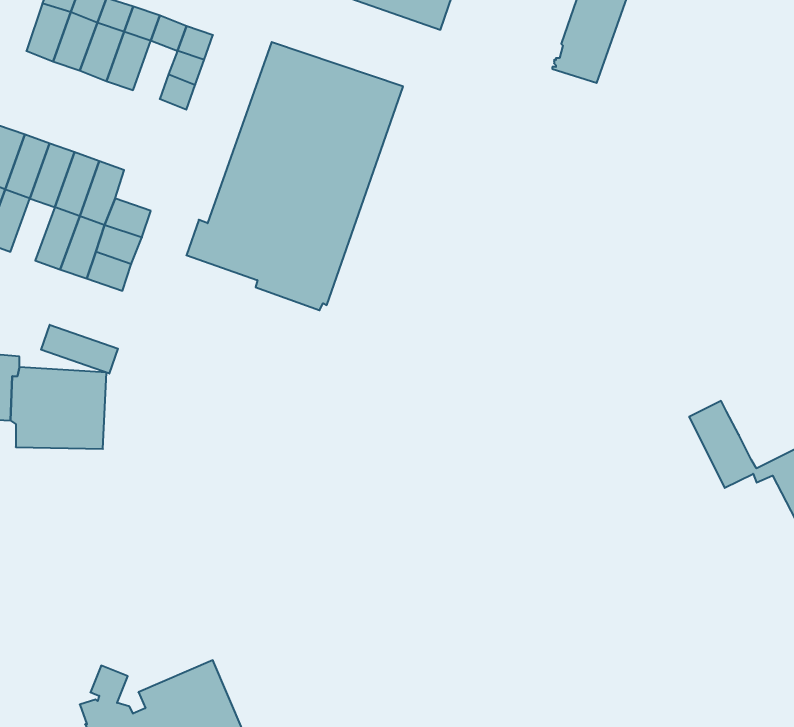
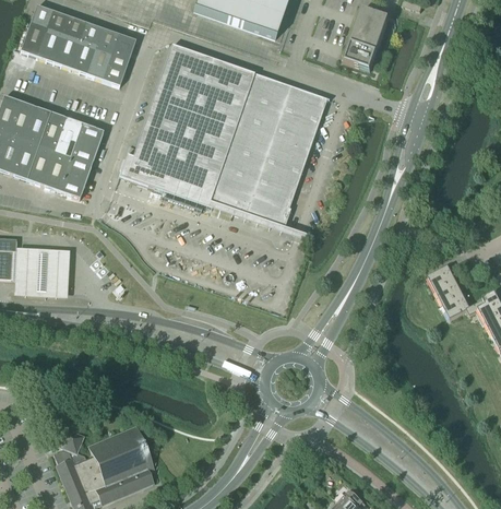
building: none -> [86,43,114,79]
building: none -> [205,71,327,227]
building: none -> [75,122,103,147]
building: none -> [11,140,38,178]
building: [41,325,118,374] -> none

